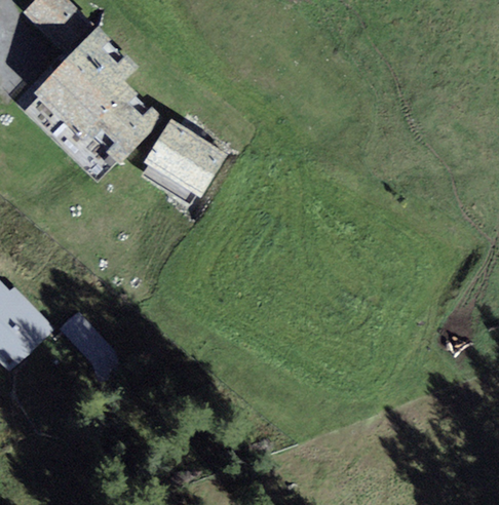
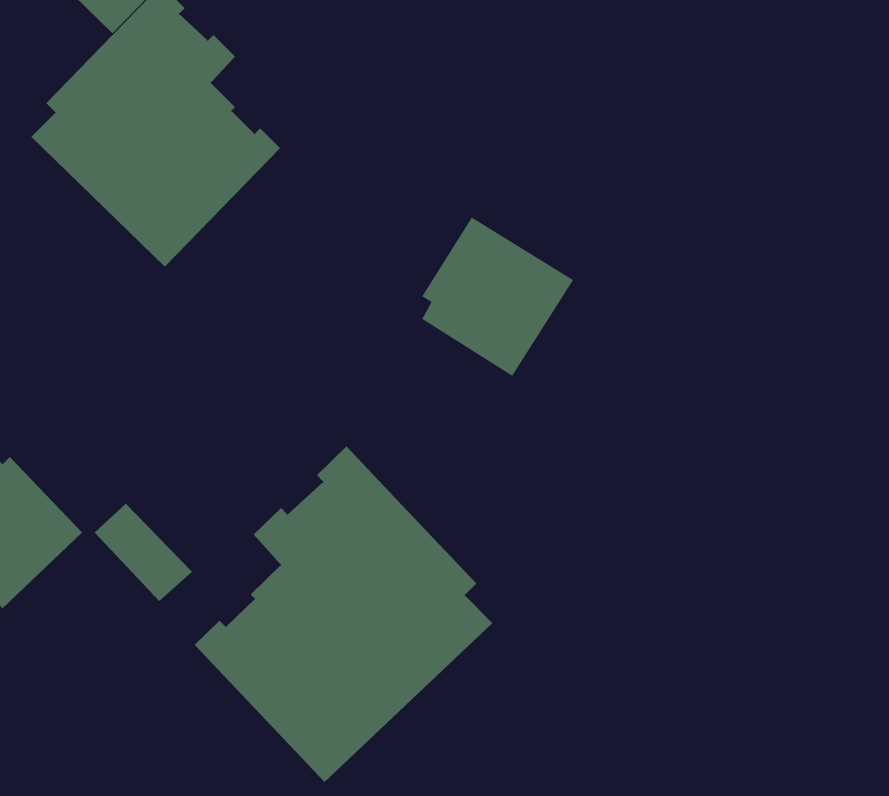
building: [142,117,226,205] -> [421,216,574,377]
building: none -> [194,446,493,783]

